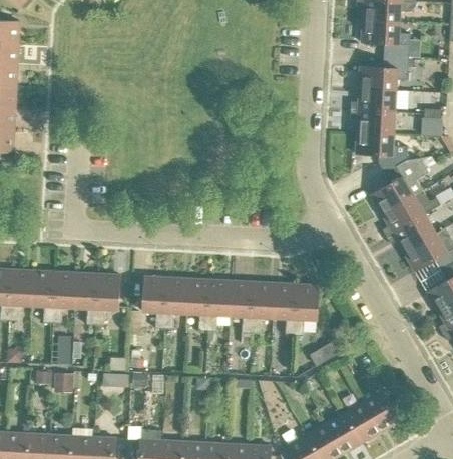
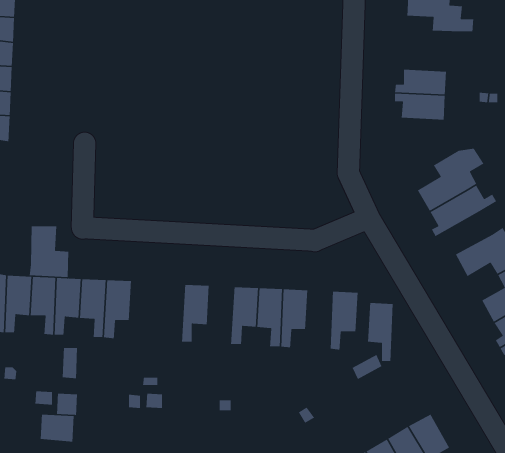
building: [358,55,409,90] -> none
building: [355,131,406,172] -> none
building: [386,213,436,251] -> none
building: none -> [29,225,69,278]
building: [142,275,166,328] -> none
building: [186,278,209,330] -> none
building: [273,282,296,334] -> [367,302,394,362]
building: none -> [40,414,74,442]

